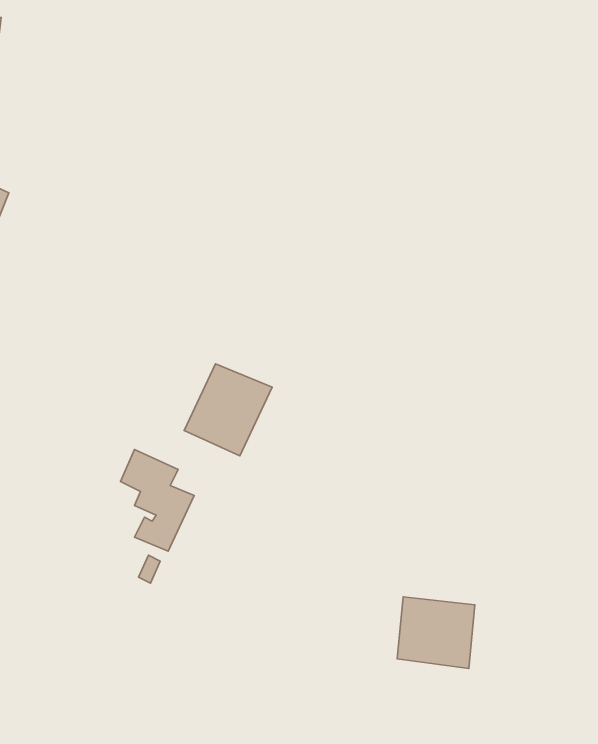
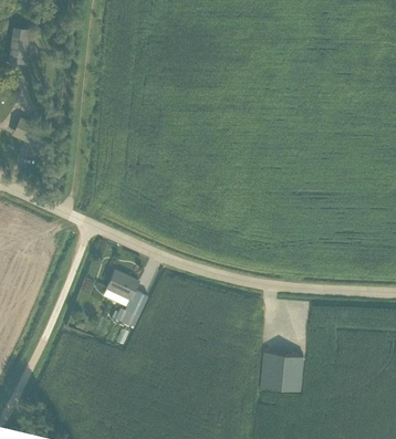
building: [184,364,272,456] -> none

